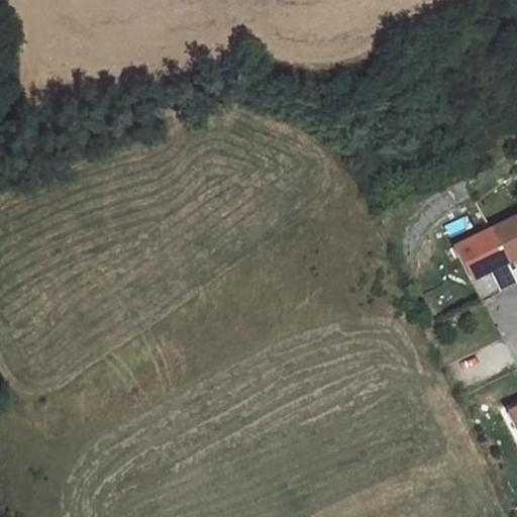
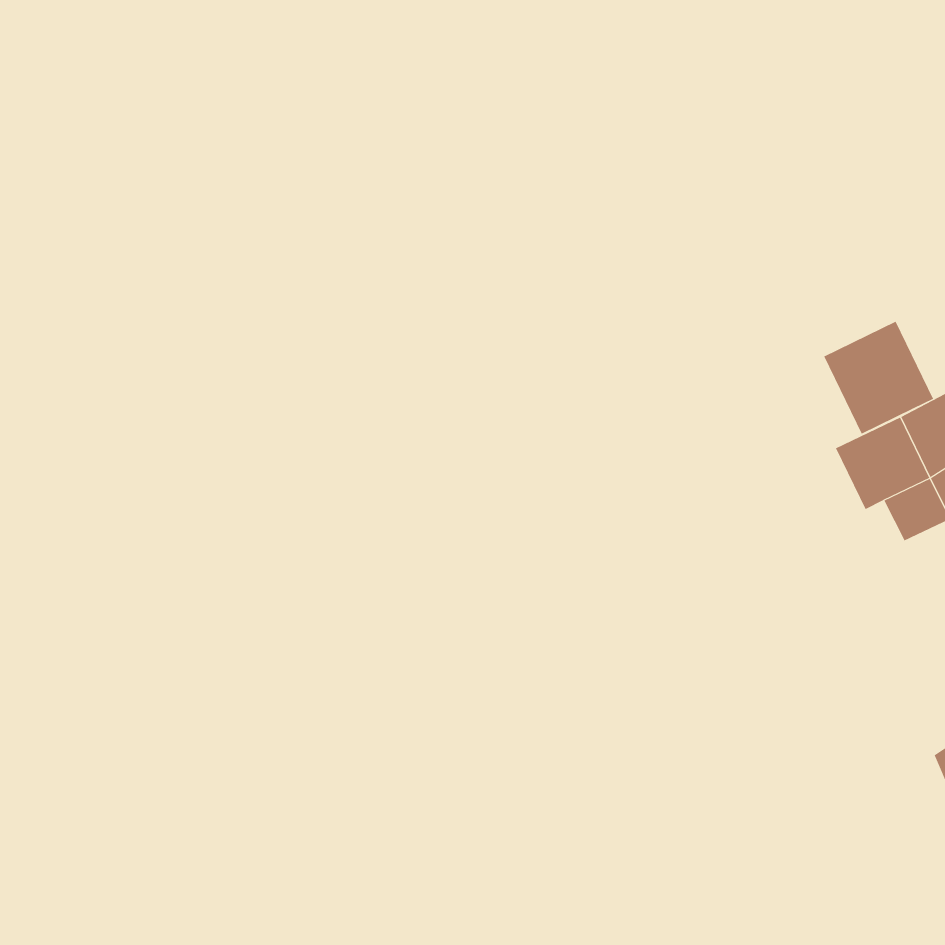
building: none -> [823,321,934,434]

